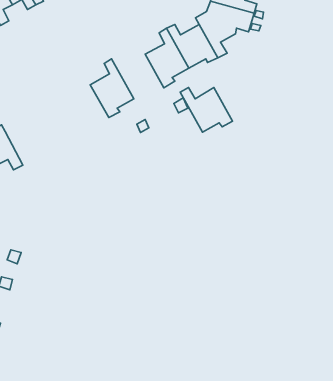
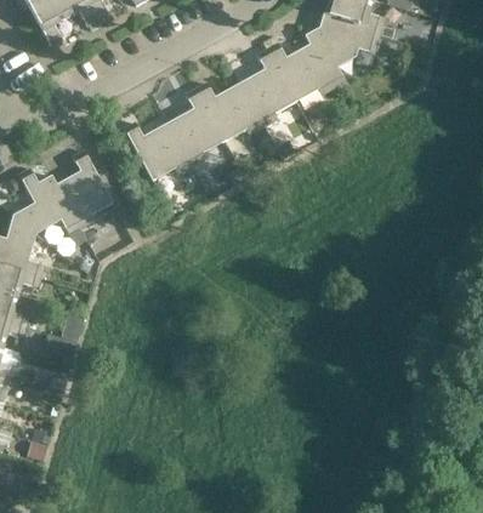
building: none -> [123,121,191,179]
building: [180,88,232,132] -> [194,81,262,139]
building: none -> [56,149,112,226]

